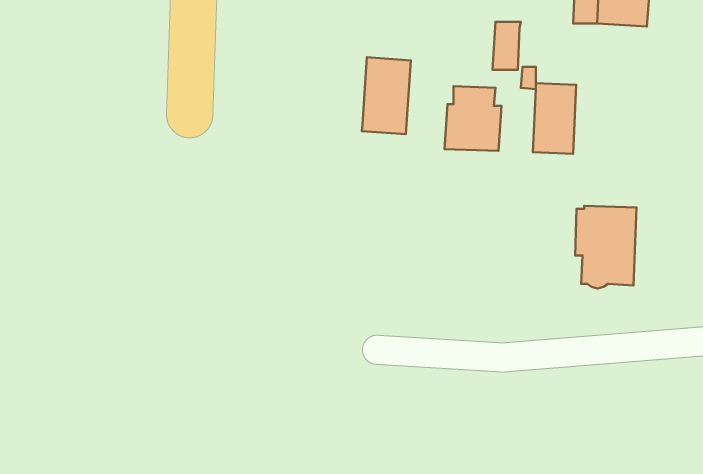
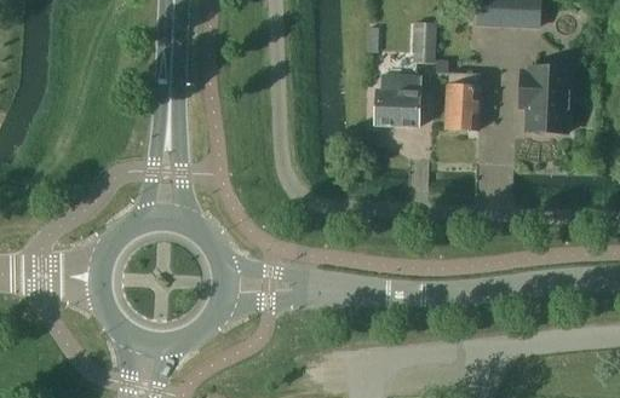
building: [362,57,411,134] -> none
building: [575,206,636,288] -> [521,68,570,134]

